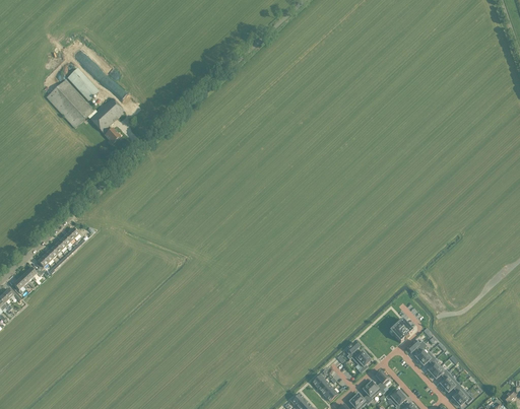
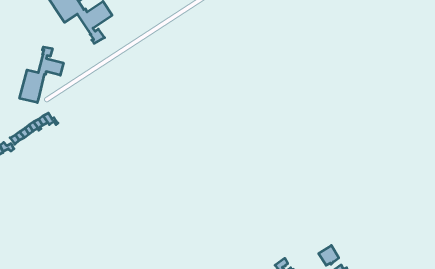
building: none -> [20,47,63,103]

